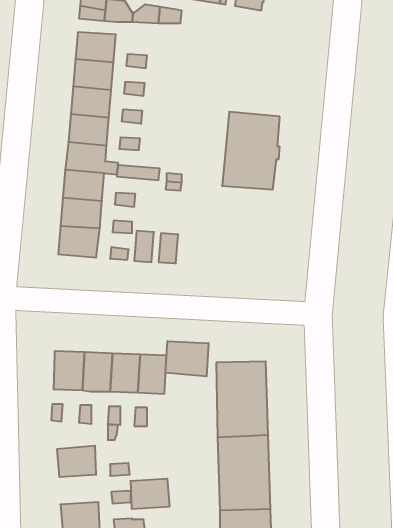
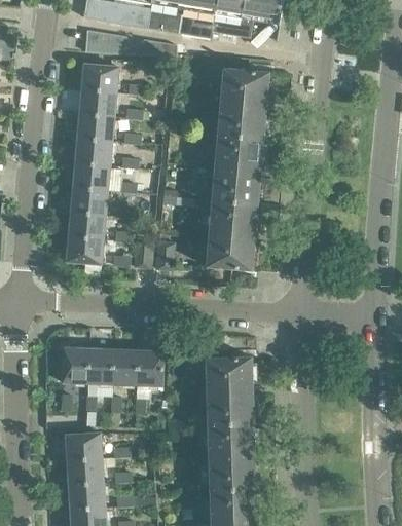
building: none -> [218,68,268,139]
building: none -> [207,200,257,270]
building: [166,341,209,376] -> none
building: [130,479,170,509] -> [67,457,102,484]

